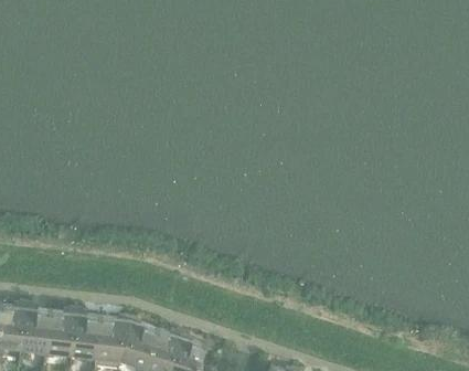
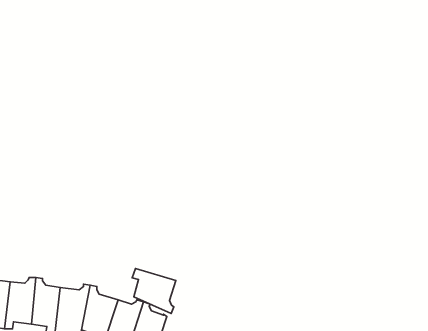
building: none -> [132,268,176,314]

